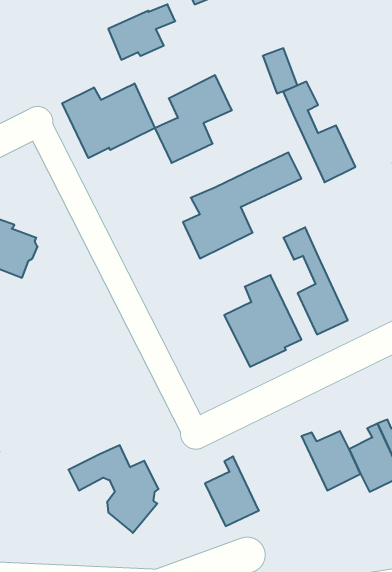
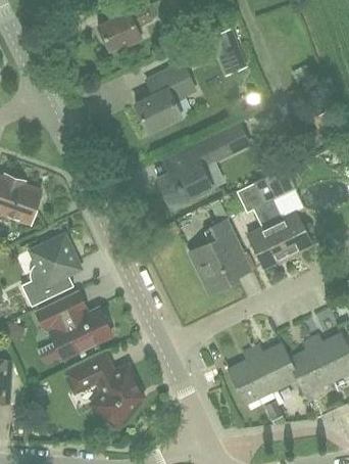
building: [283,82,355,182] -> [255,177,312,257]
building: [62,83,155,158] -> none
building: none -> [20,235,77,307]
building: none -> [37,293,111,364]
building: [205,456,259,526] -> [229,349,271,404]

